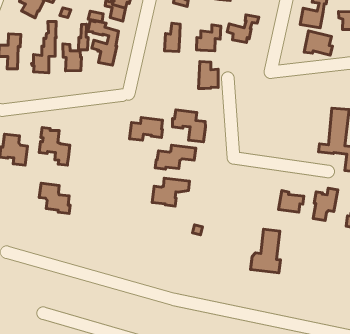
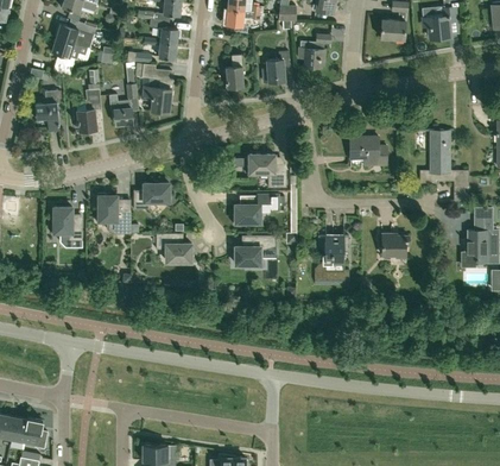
building: [304,31,332,55] -> none
building: [198,61,218,88] -> none
building: none -> [348,138,386,165]
building: [129,118,163,140] -> [133,183,170,209]
building: [39,183,70,213] -> [156,233,192,264]
building: [313,188,338,220] -> none
building: [251,229,280,273] -> [315,237,348,285]

